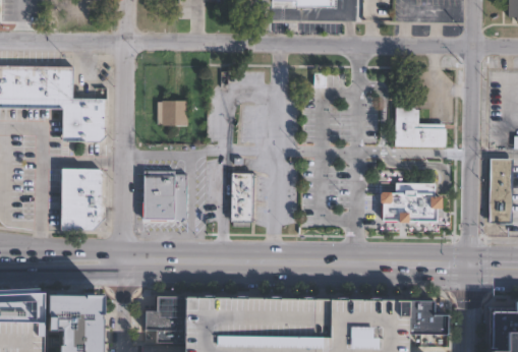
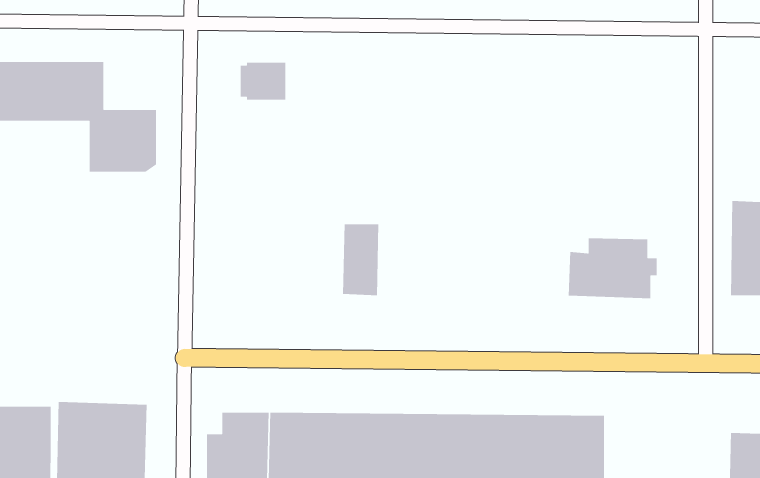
building: [158,100,188,125] -> [240,62,286,100]
building: [396,109,448,146] -> none
building: [61,168,106,230] -> none
building: [145,170,189,220] -> none
building: [406,300,446,335] -> none

